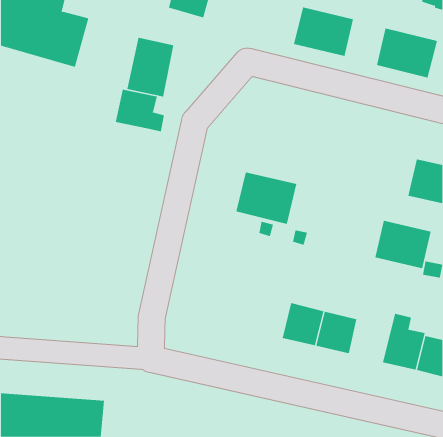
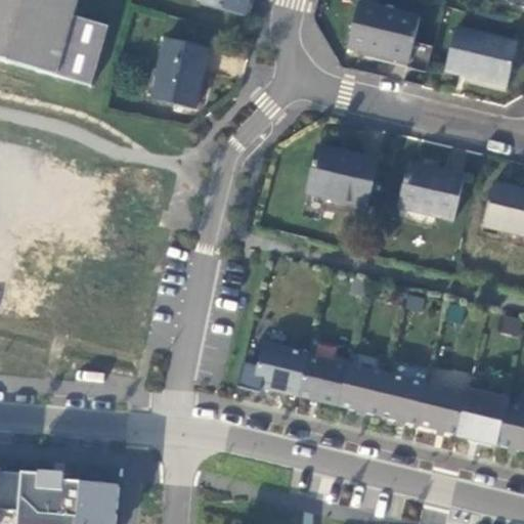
building: [115,89,165,132] -> none
building: [235,172,297,225] -> [304,150,377,213]
building: [374,220,432,269] -> [396,167,464,224]
building: none -> [232,335,343,399]
building: none -> [412,377,462,428]

